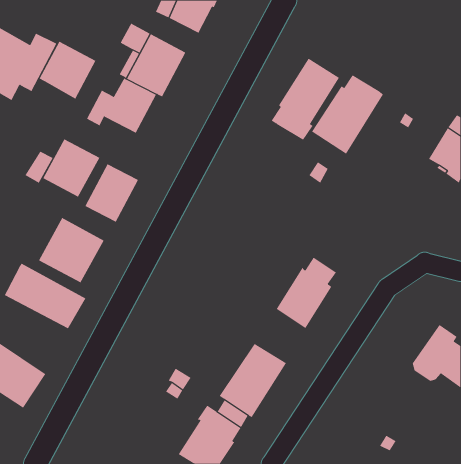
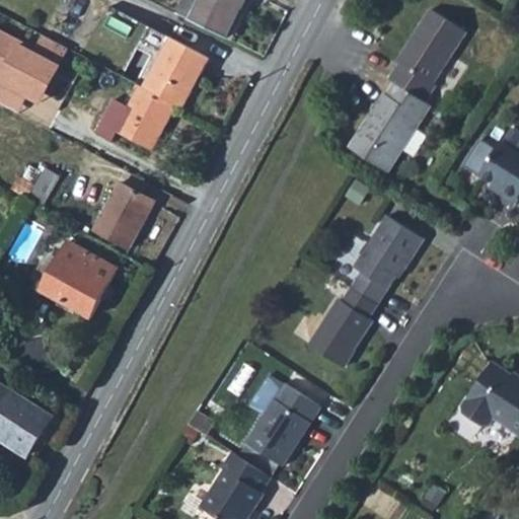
building: [39,41,96,99] -> none
building: [271,58,340,140] -> [387,9,464,101]
building: [42,138,100,198] -> none
building: none -> [350,216,422,304]
building: [4,263,86,329] -> none

